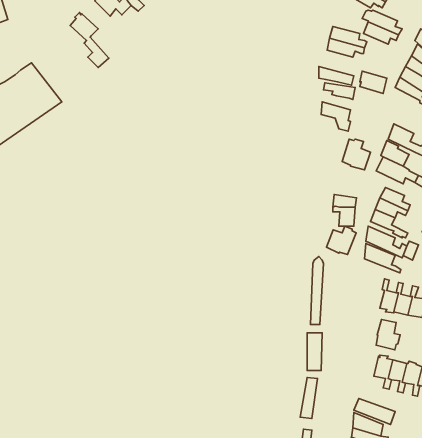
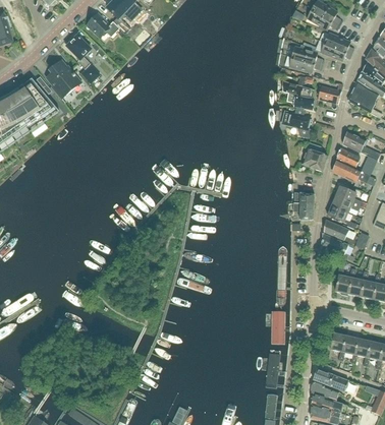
building: none -> [47,59,81,97]
building: [327,226,356,255] -> none
building: [376,319,400,350] -> none

